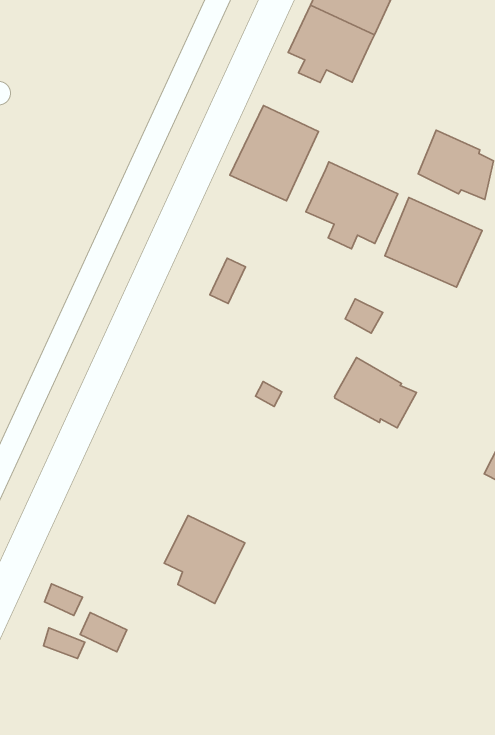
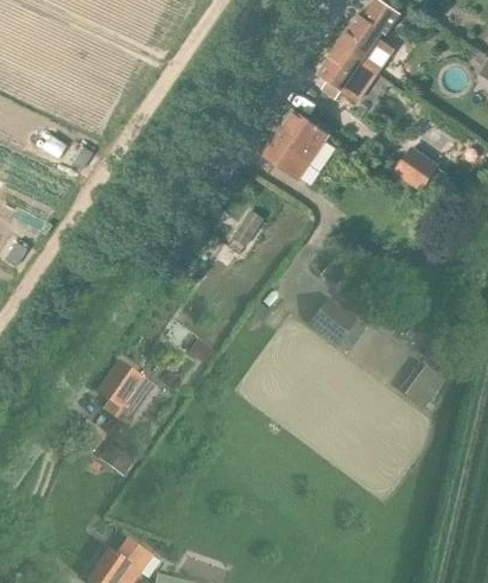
building: [306,162,398,249] -> none
building: [385,197,482,287] -> none
building: [164,515,245,603] -> [96,361,156,426]

